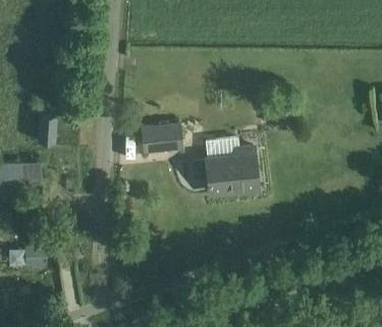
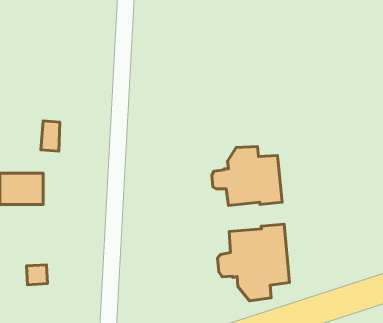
building: [141,124,183,153] -> none
building: none -> [218,224,290,301]

